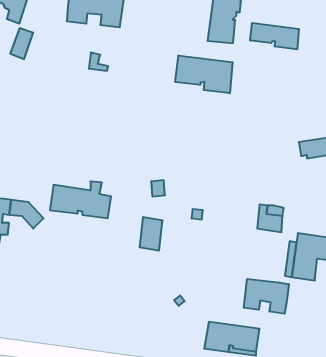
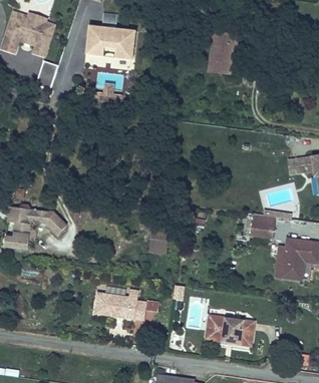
building: [250,23,299,49] -> none
building: [175,55,233,93] -> none
building: [50,181,111,218] -> [93,289,146,321]
building: [244,279,289,314] -> none

